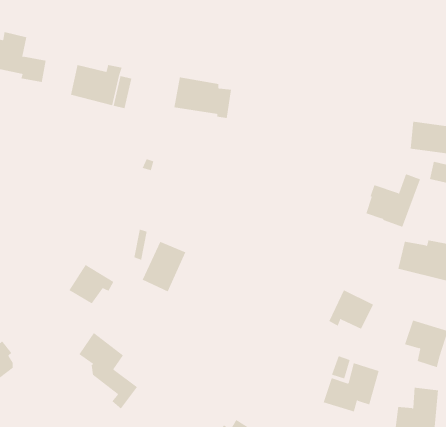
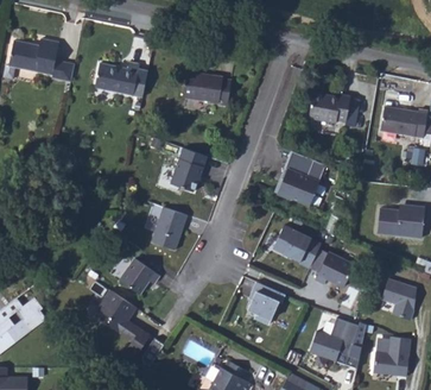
building: none -> [310,92,354,122]
building: [365,174,421,227] -> [280,152,328,199]
building: none -> [173,159,207,193]
building: none -> [271,225,319,268]
building: [69,264,114,304] -> [122,263,161,297]
building: none -> [246,282,283,325]

